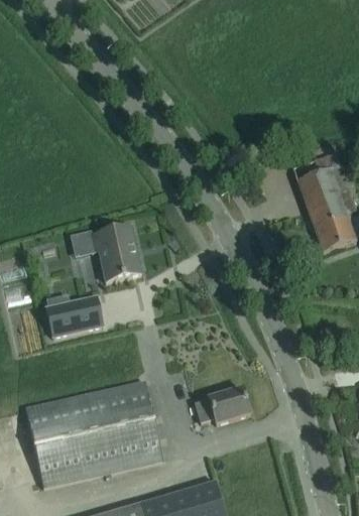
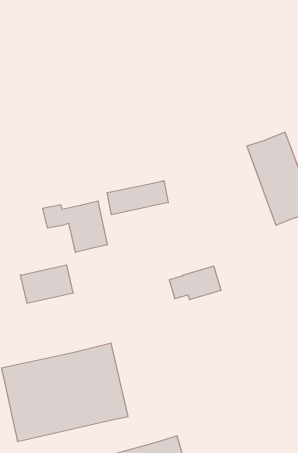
building: none -> [107,181,168,215]
building: [195,387,251,423] -> [169,266,221,299]

